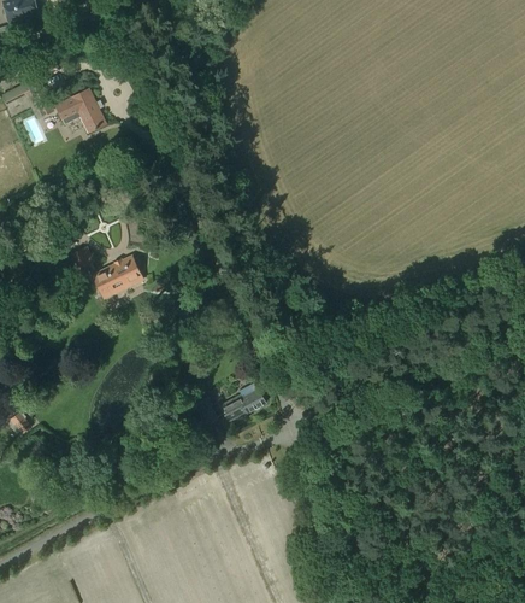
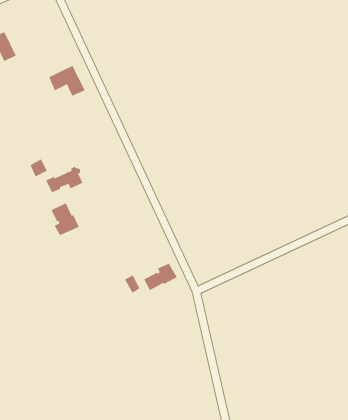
building: [55,90,105,133] -> [48,65,86,97]
building: none -> [50,202,80,237]

